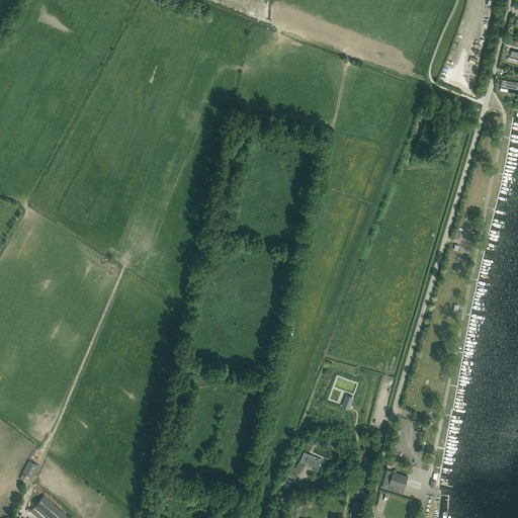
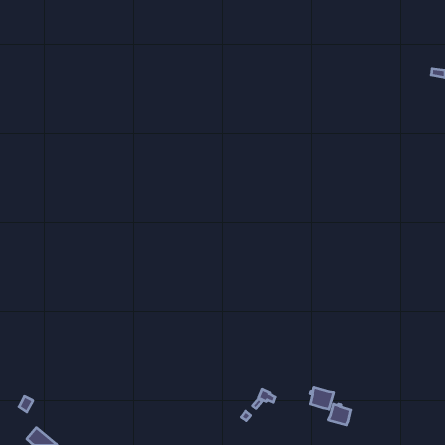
building: none -> [310,387,334,409]

